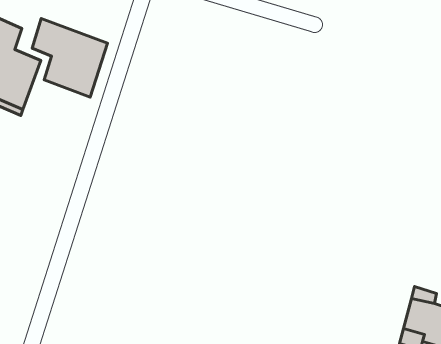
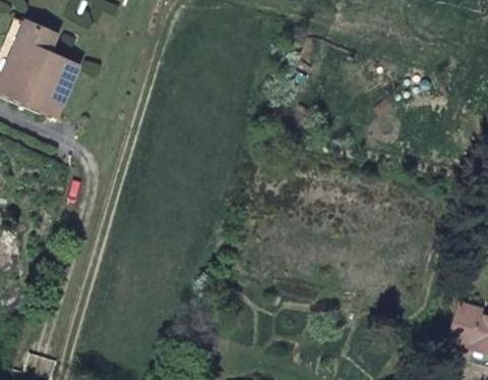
building: [32,19,107,97] -> none

